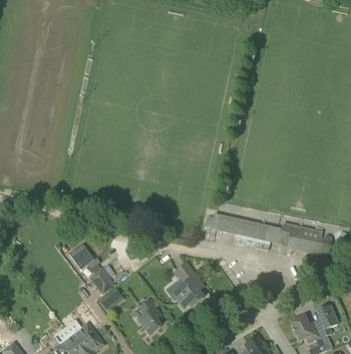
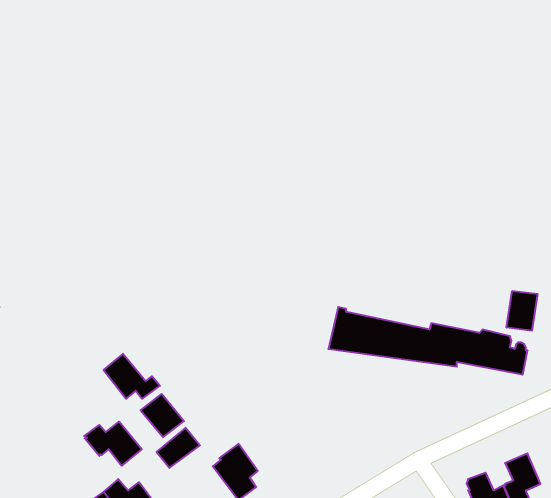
building: none -> [507,291,538,331]
building: [171,262,204,307] -> none
building: none -> [84,422,142,466]

